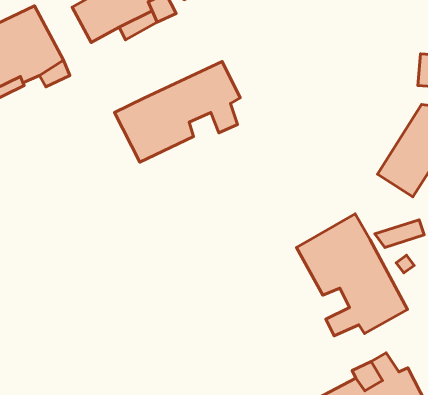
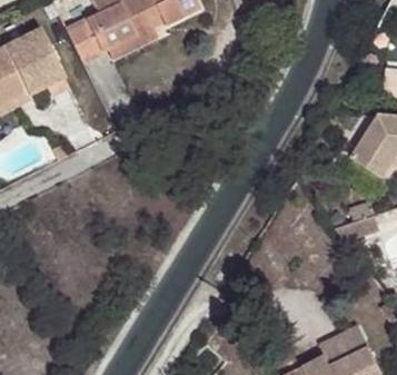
building: [114,61,240,162] -> none
building: [297,214,408,336] -> none

